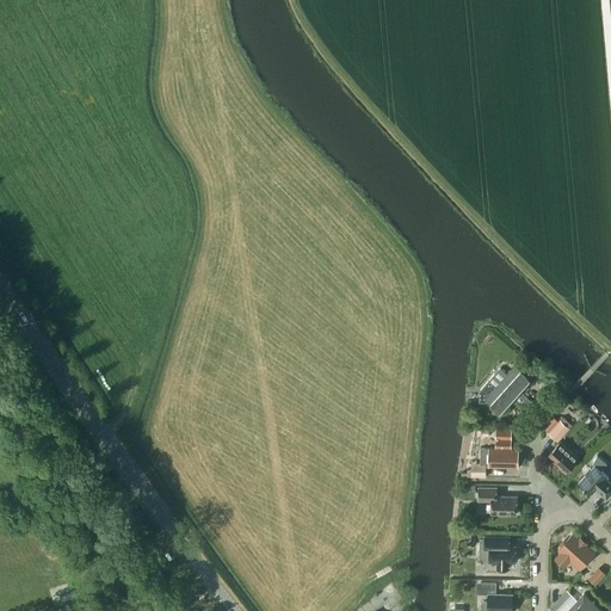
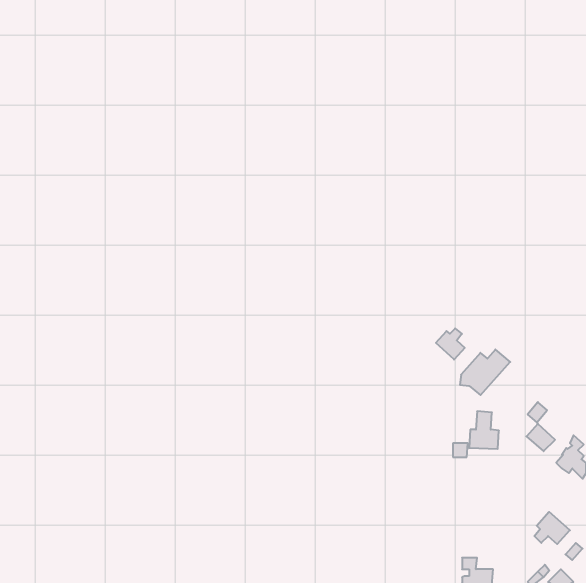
building: none -> [436,328,465,360]
building: [479,489,517,516] -> none
building: [480,537,516,570] -> none

